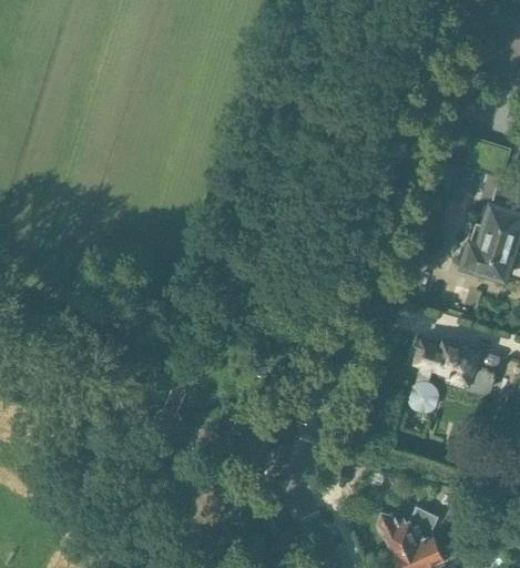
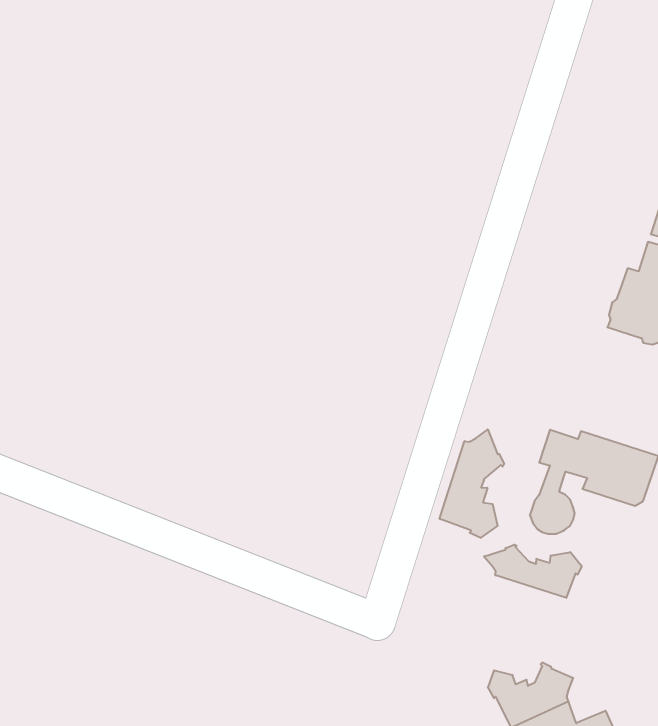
building: none -> [440,429,504,538]
building: none -> [484,545,582,598]

